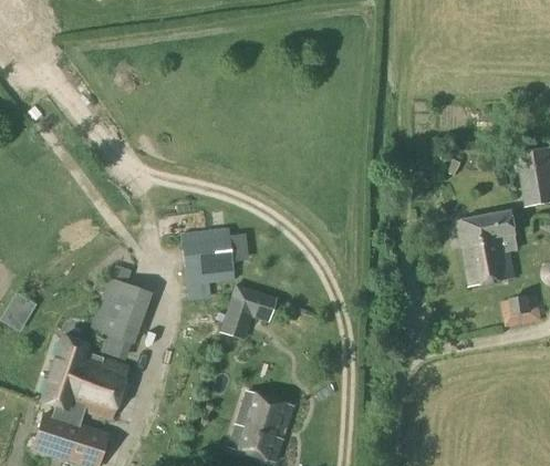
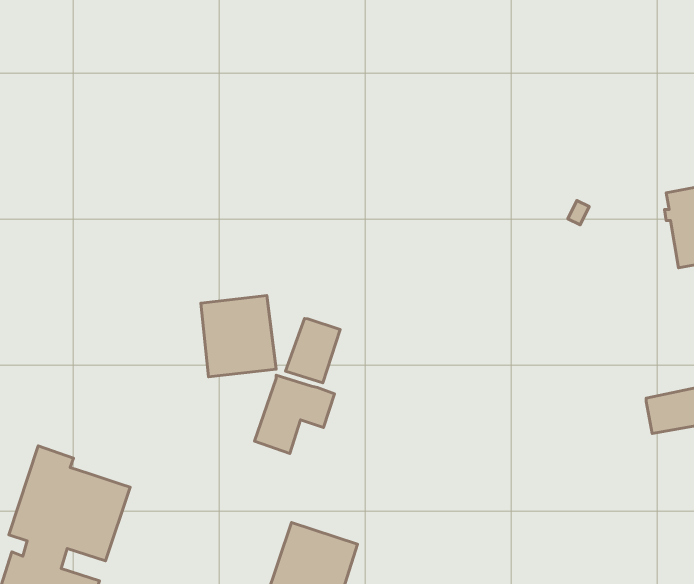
building: [458,211,518,286] -> none
building: none -> [286,318,340,383]
building: [90,278,151,344] -> none

